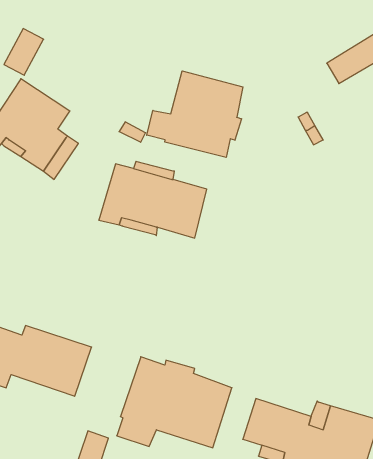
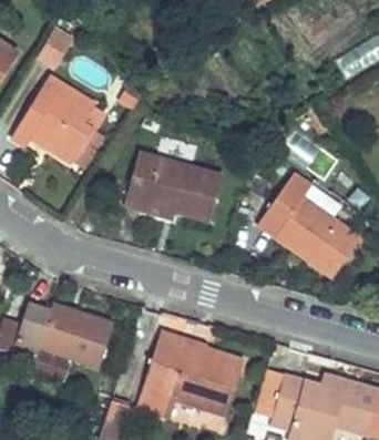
building: [147,71,243,157] -> none
building: none -> [256,173,359,277]

